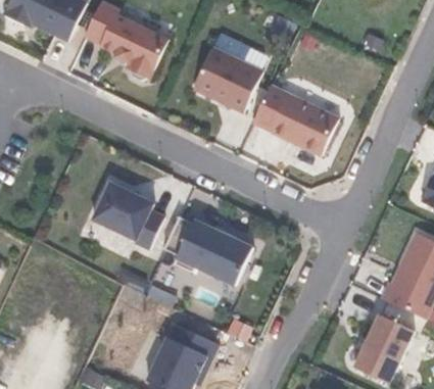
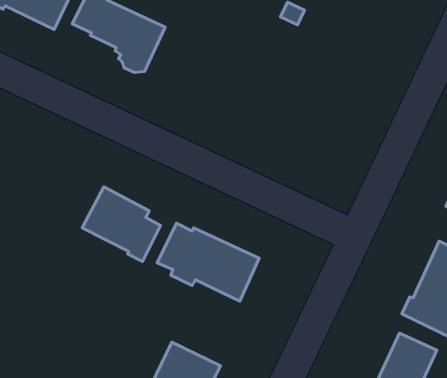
building: [193,47,261,112] -> none
building: [252,85,338,155] -> none

